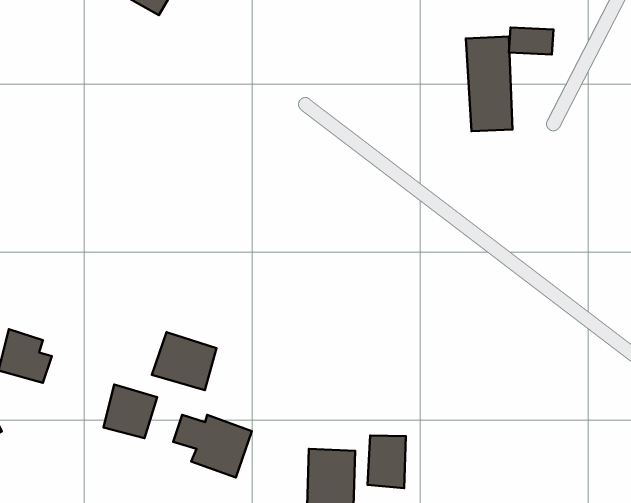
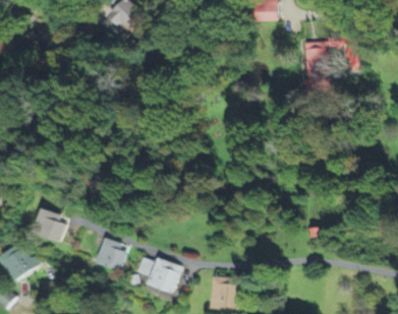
building: [152,332,217,390] -> none
building: [368,436,406,488] -> none

